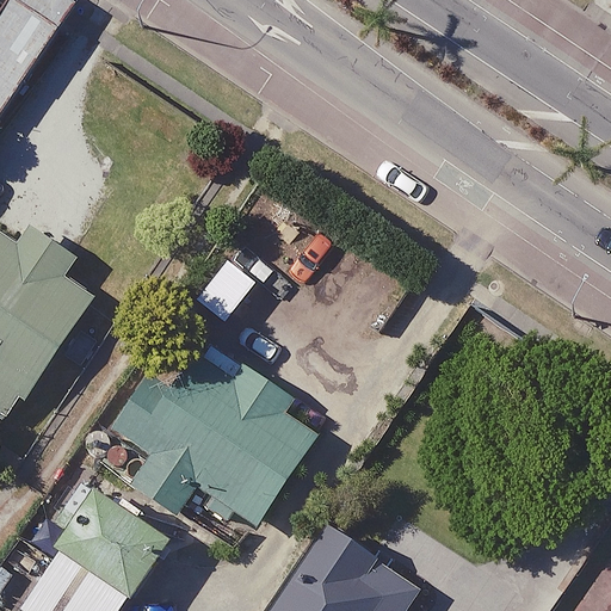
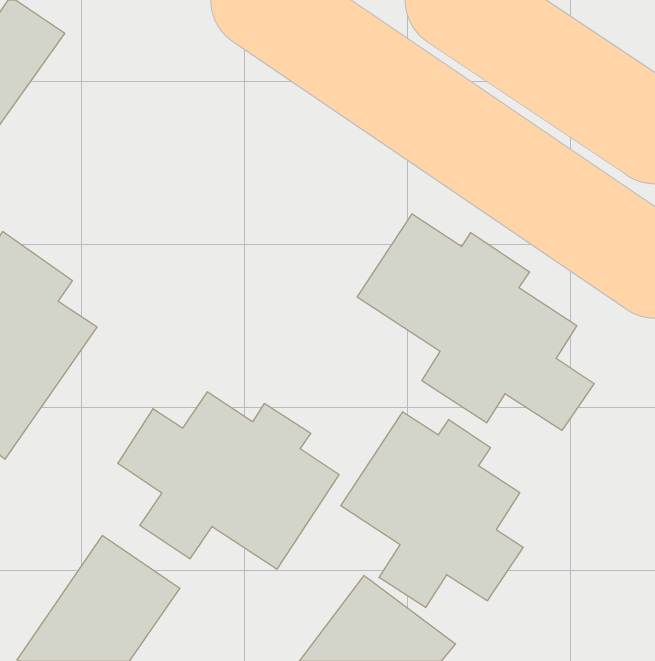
building: none -> [357,214,594,430]
building: none -> [341,412,523,608]

